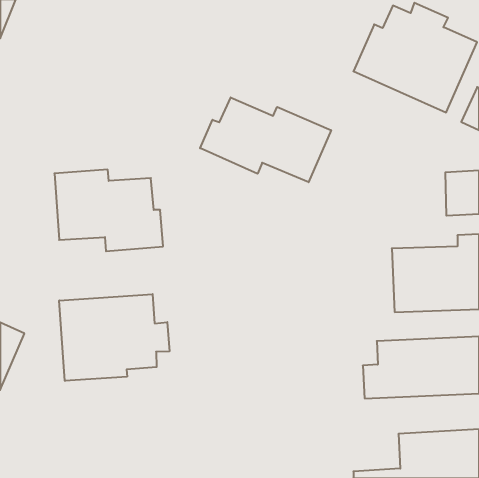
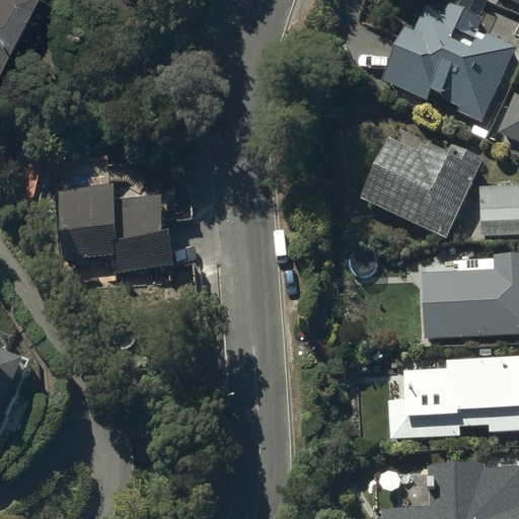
building: [200,97,331,182] -> none
building: none -> [363,139,486,236]
building: [59,294,169,381] -> none

